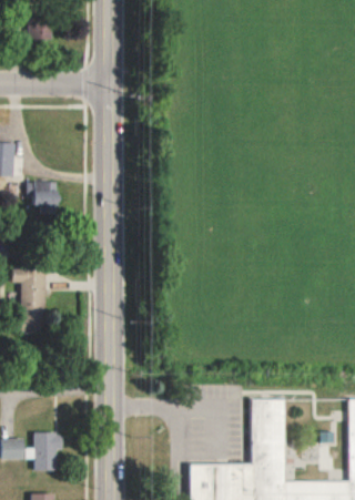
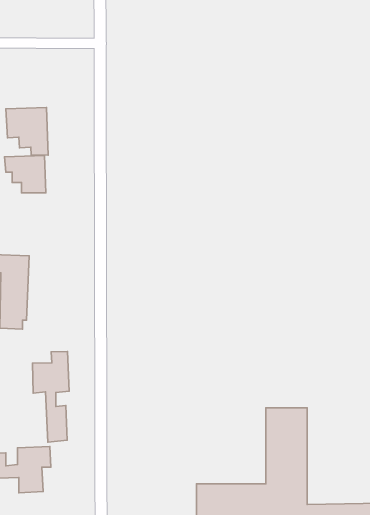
building: none -> [6,108,48,155]
building: none -> [32,352,69,442]

